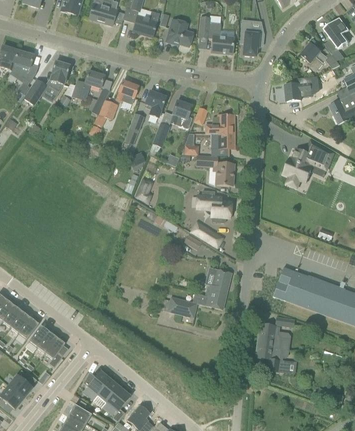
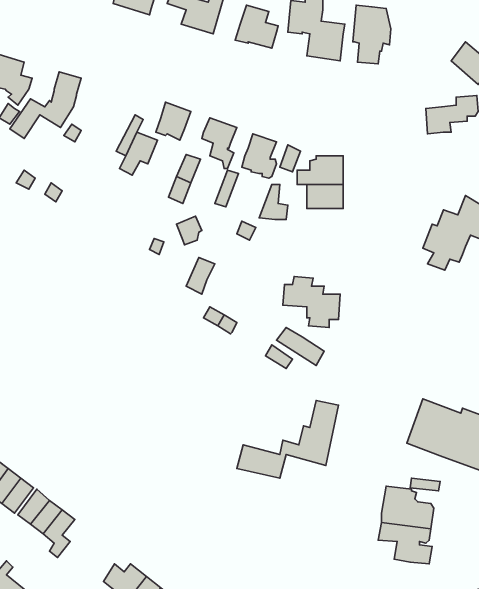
building: [72,70,104,99] -> none
building: [197,155,234,185] -> none

